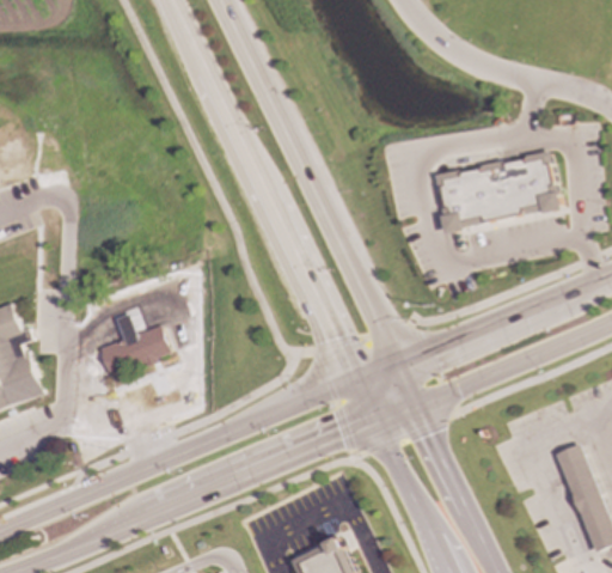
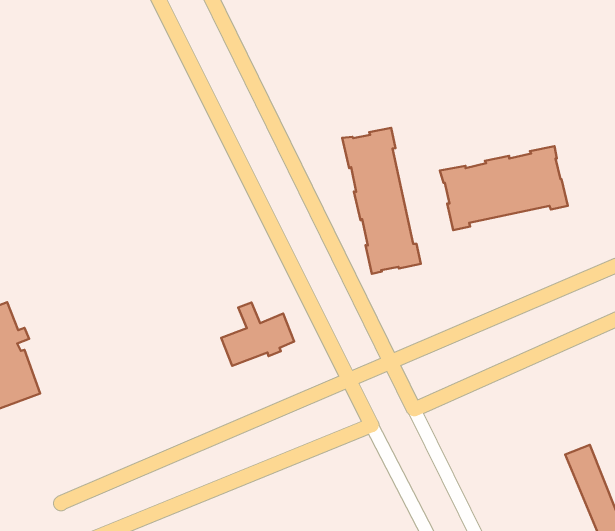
building: none -> [342,128,421,274]
building: [98,313,170,376] -> [221,303,294,366]

